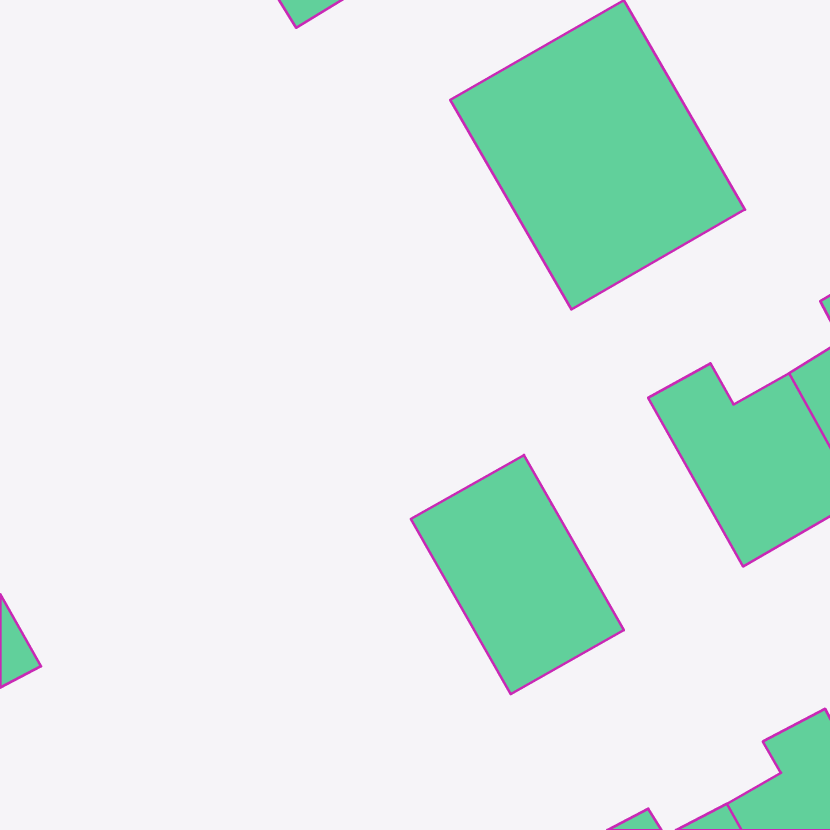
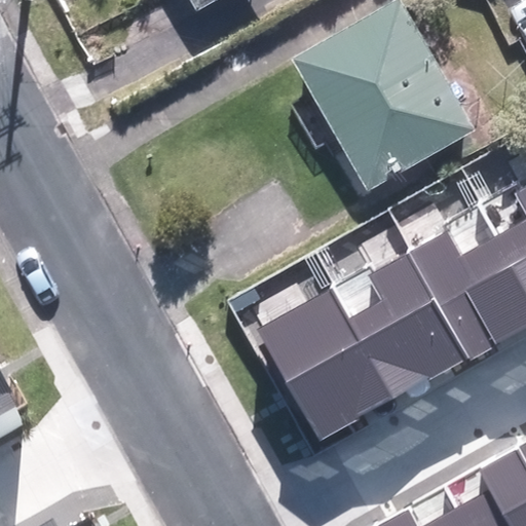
building: none -> [350,250,471,396]

